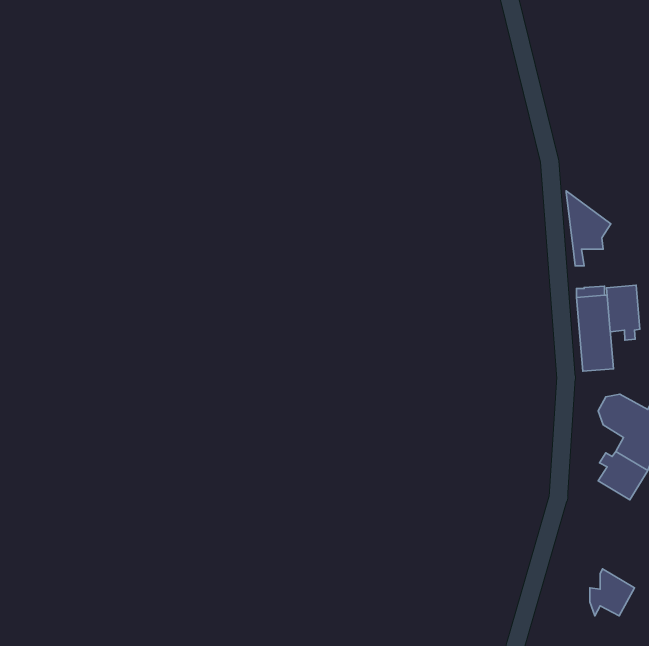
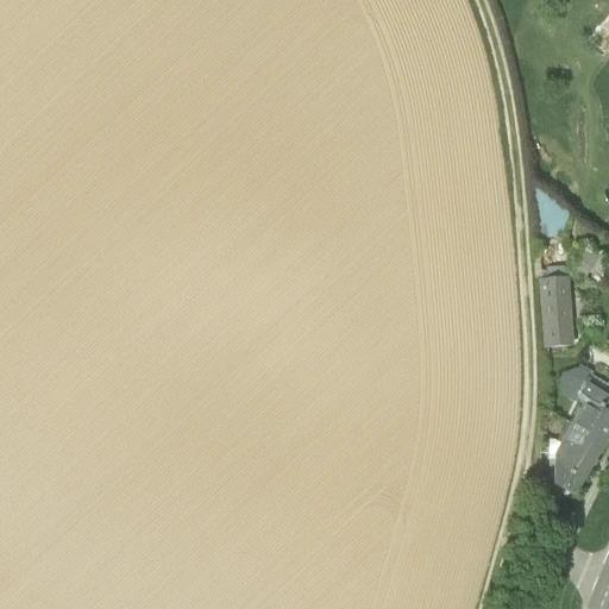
building: [606,285,640,340] -> none
building: [590,569,634,616] -> [548,450,590,494]

